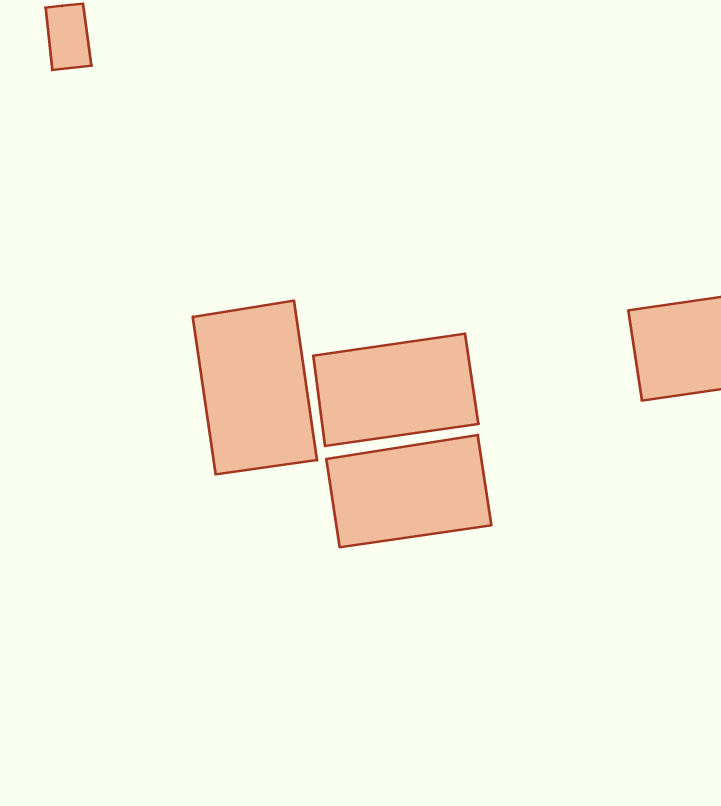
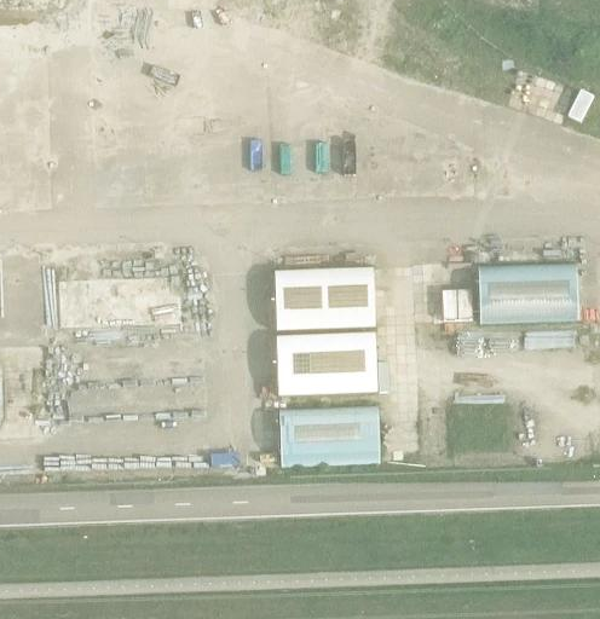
building: [193,301,317,474] -> none
building: none -> [279,405,380,467]

